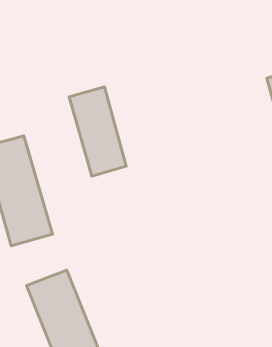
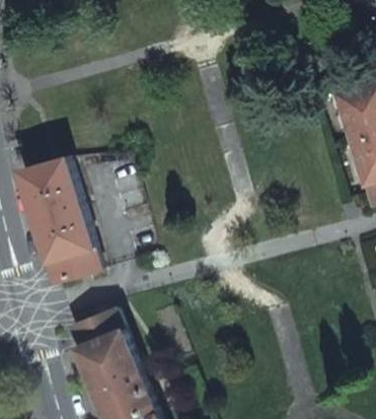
building: [69,87,126,176] -> none

